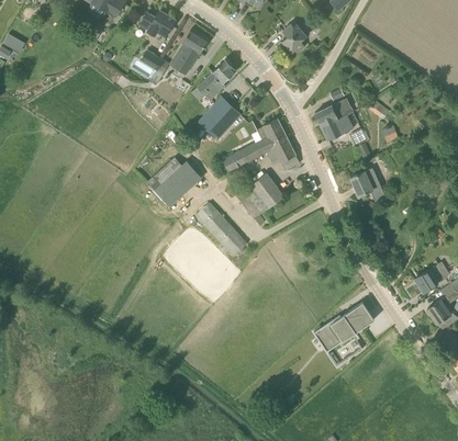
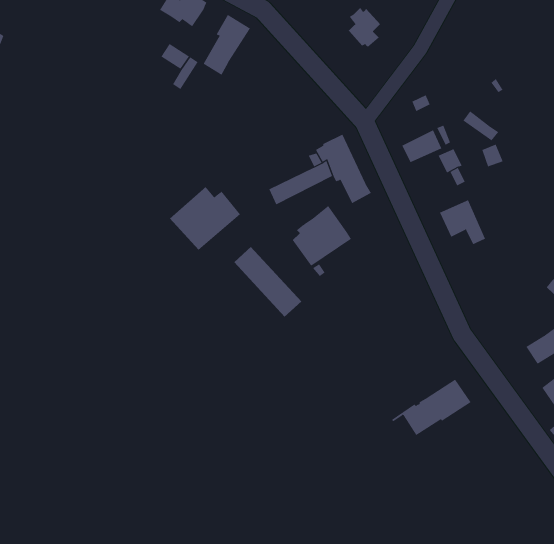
building: [198,60,236,94] -> none
building: [199,97,241,139] -> none
building: [315,99,351,127] -> none

